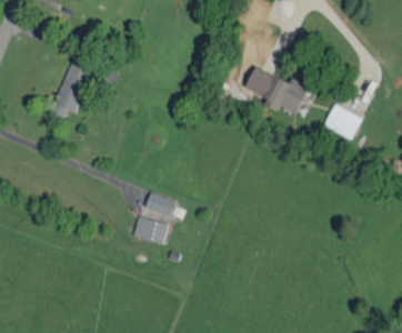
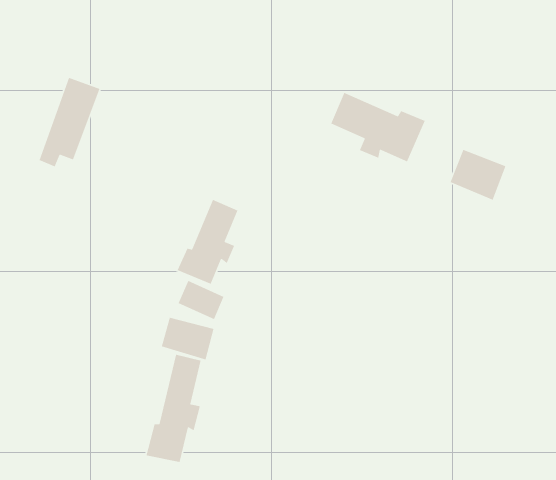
building: none -> [176,199,239,285]
building: none -> [146,354,201,463]

